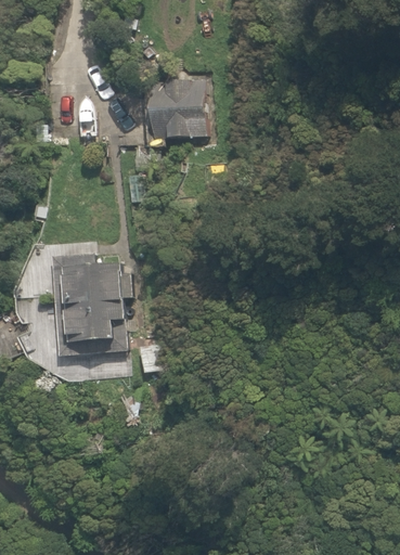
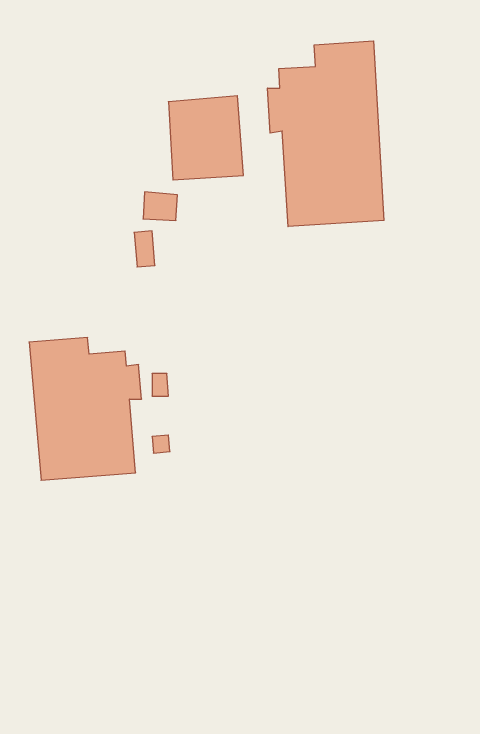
building: none -> [268,41,384,227]

